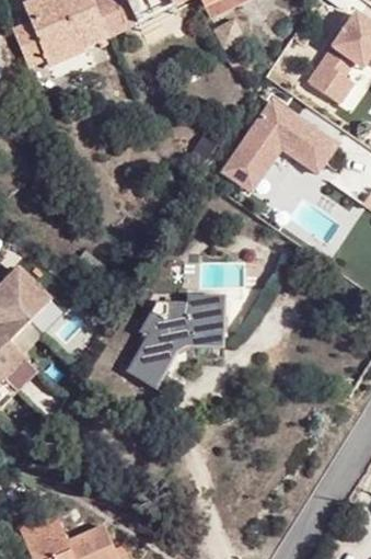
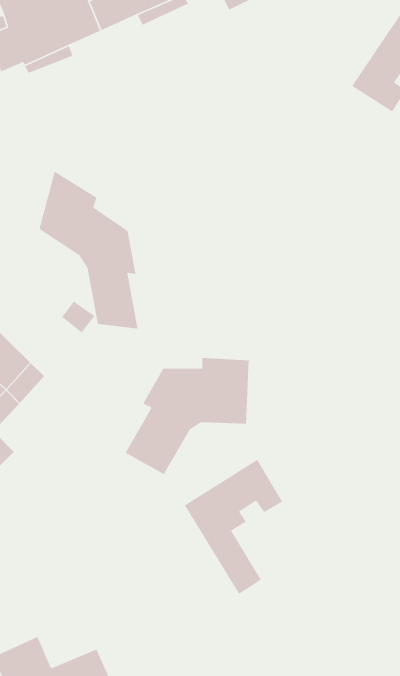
building: [220,100,333,190] -> none
building: none -> [38,170,139,329]
building: none -> [184,459,283,595]

